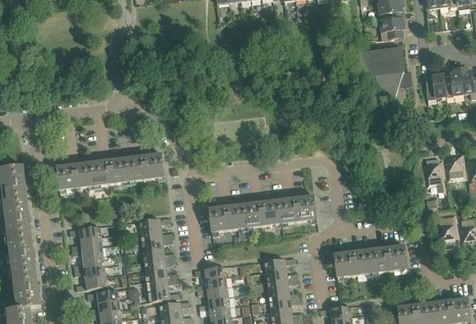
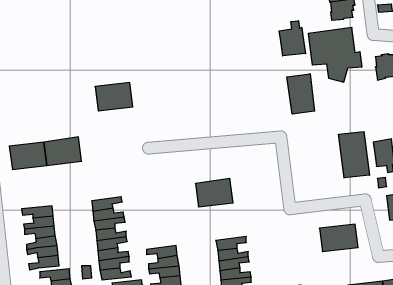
building: none -> [279,21,306,56]
building: none -> [287,74,315,114]
building: none -> [339,132,369,178]
building: [126,152,164,181] -> [95,83,133,111]
building: [278,194,316,223] -> none
building: [208,203,247,231] -> none
building: [334,248,372,277] -> none

